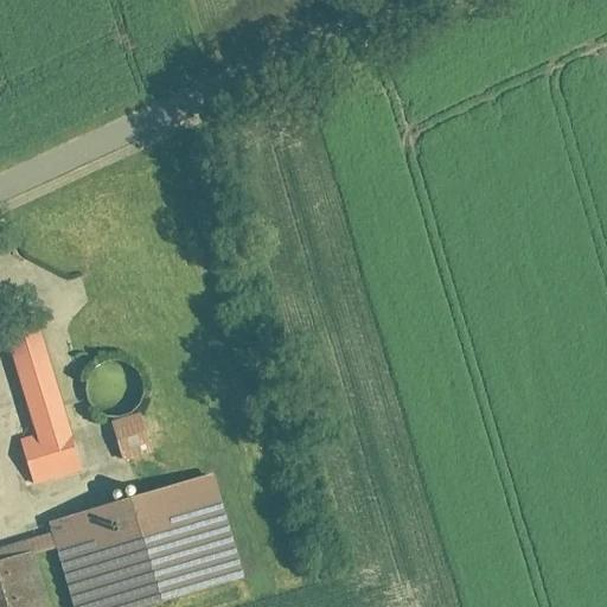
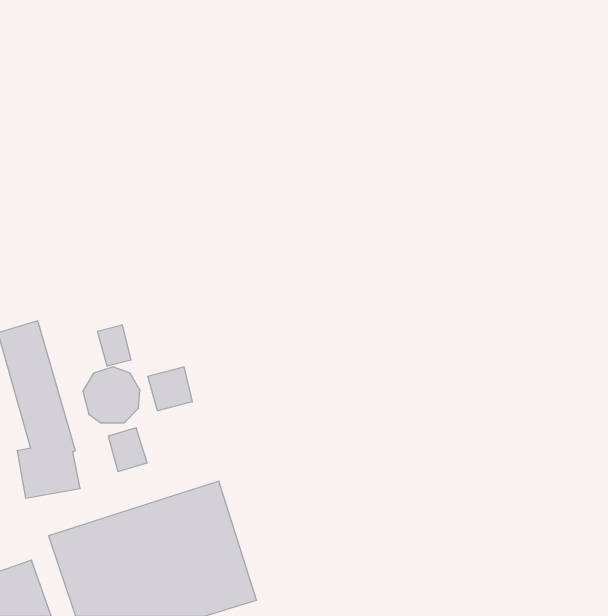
building: none -> [98,325,131,366]
building: none -> [148,367,192,411]

